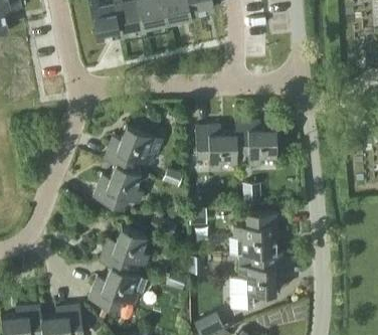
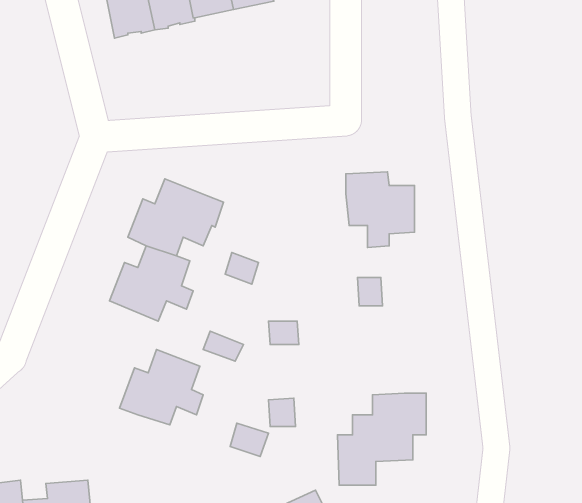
building: [196,125,237,170] -> none
building: [230,213,279,255] -> none
building: [88,266,148,311] -> none

